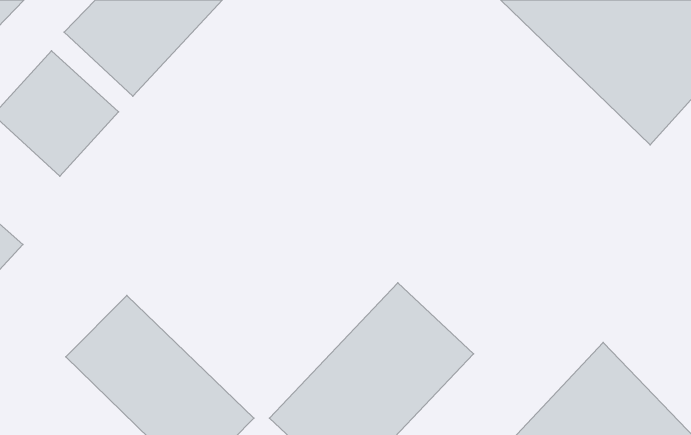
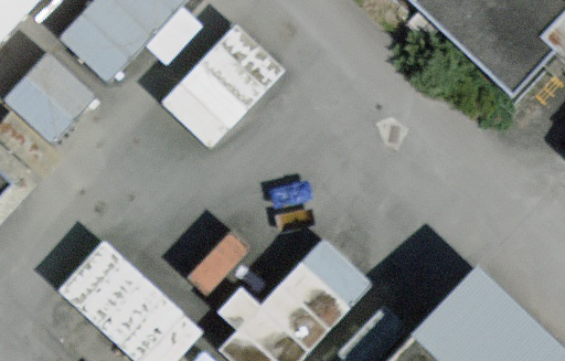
building: none -> [160,23,285,147]

